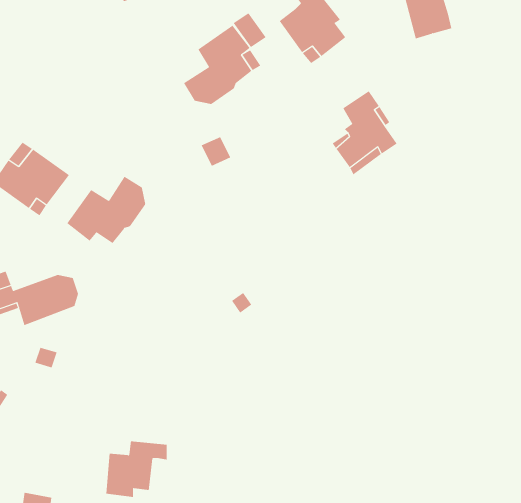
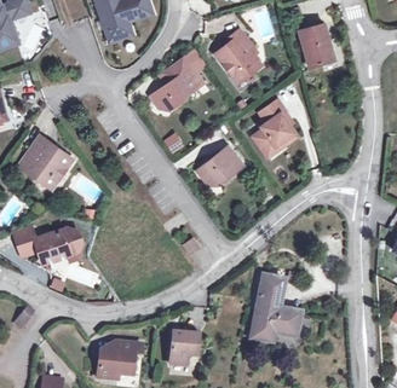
building: none -> [197,147,244,186]
building: [66,176,146,244] -> none
building: none -> [251,274,299,340]
building: none -> [169,330,198,365]

